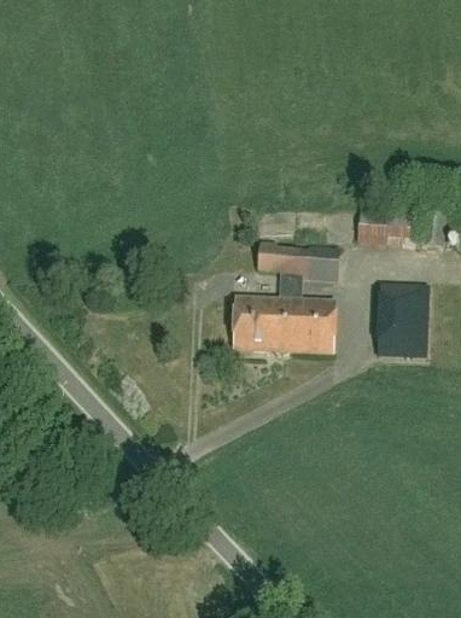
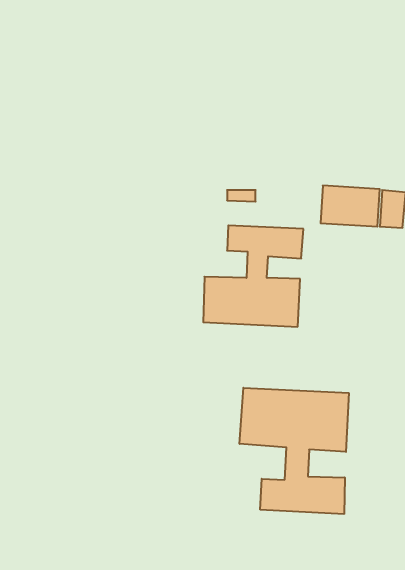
building: [374,285,431,354] -> none
building: none -> [240,388,349,514]

